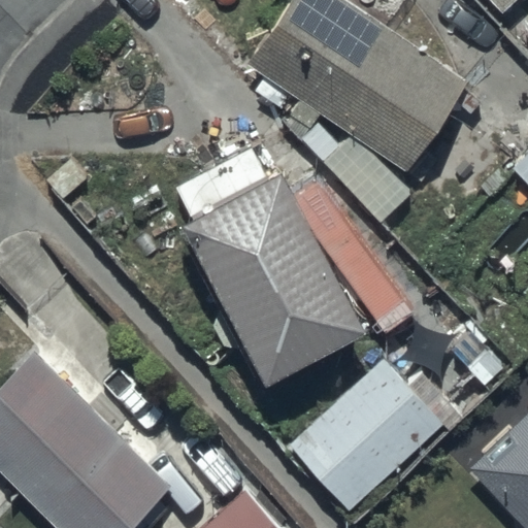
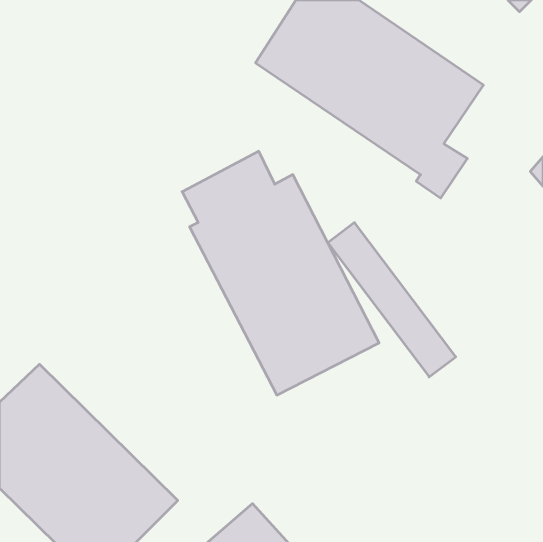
building: [289,359,443,510] -> none

